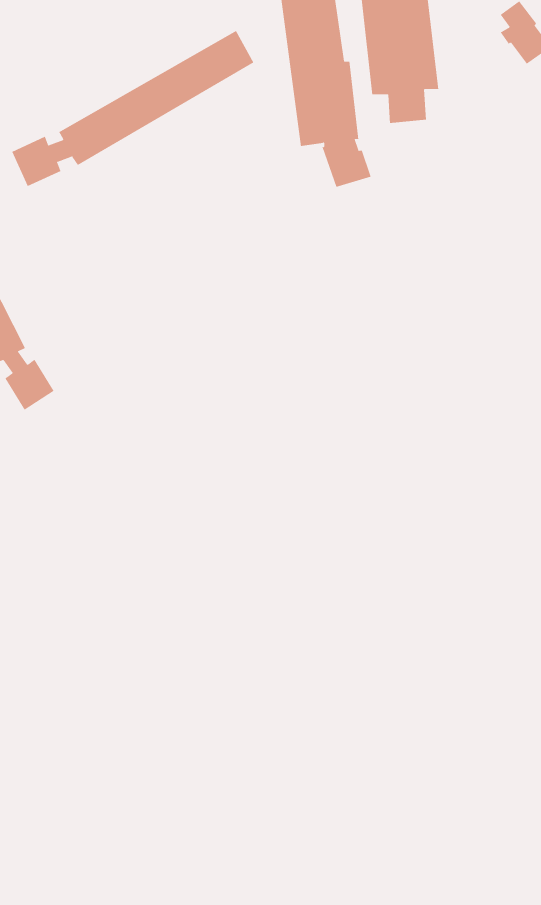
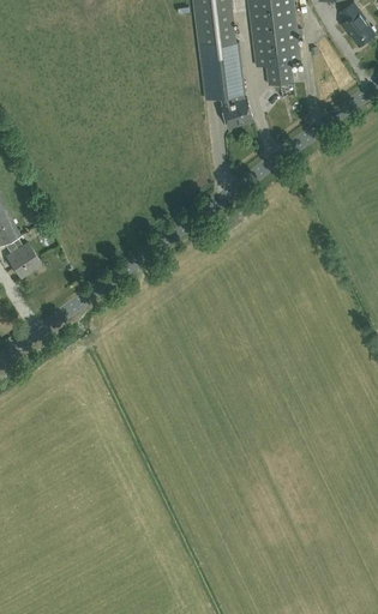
building: [12,30,254,187] -> none

